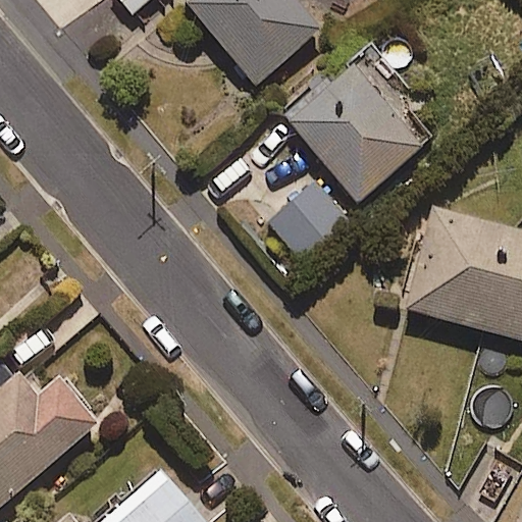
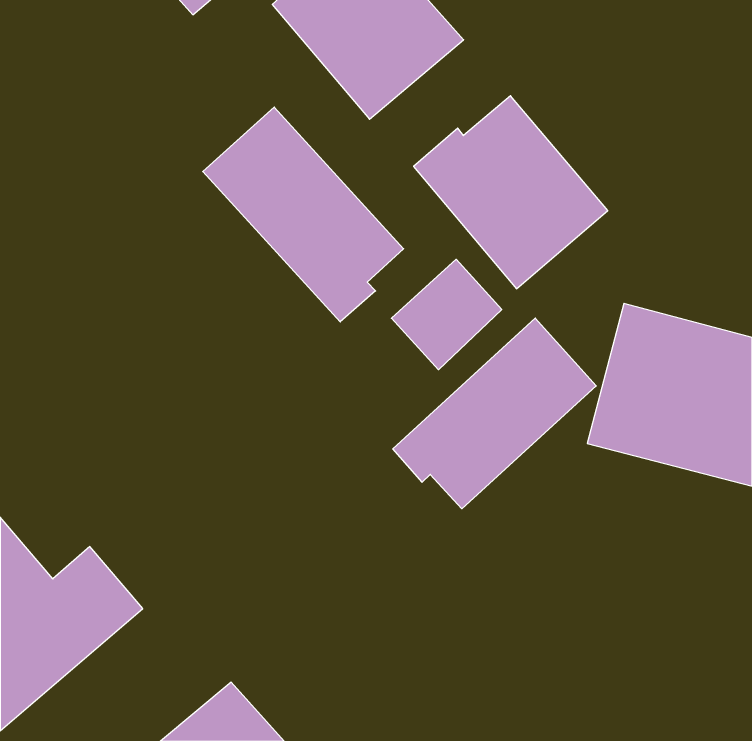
building: none -> [203,107,404,322]
building: none -> [393,318,596,509]

